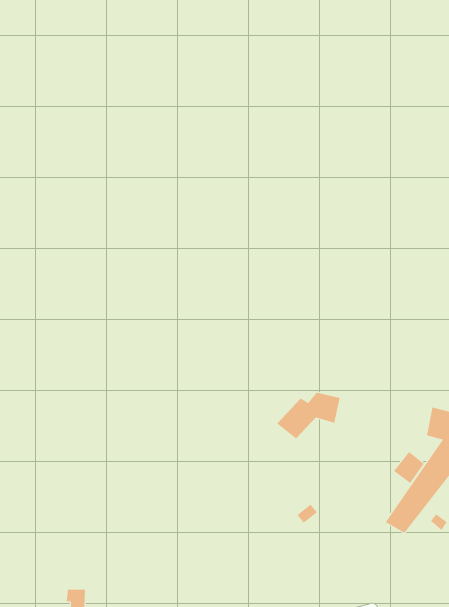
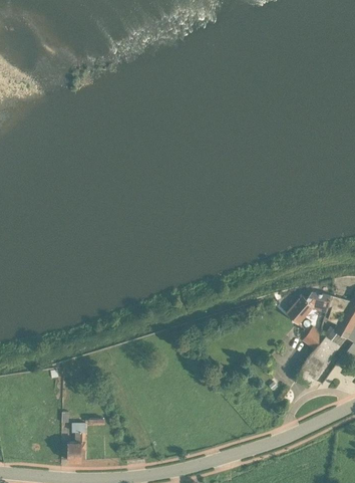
building: [276,392,340,439] -> [284,291,329,324]

